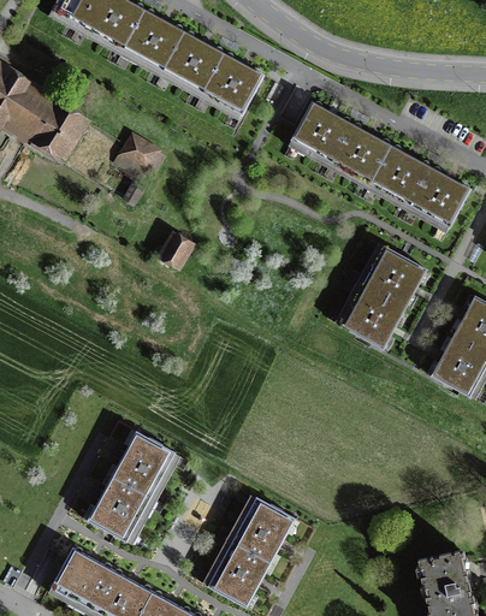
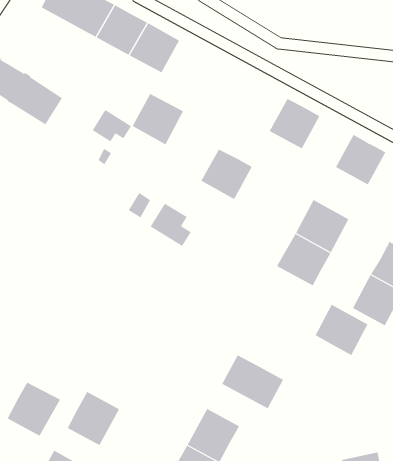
building: [202,54,265,117] -> [132,93,184,145]
building: [290,102,352,164] -> [201,149,253,200]
building: [371,146,432,207] -> none
building: none -> [150,203,191,247]
building: none -> [315,304,368,356]
building: [112,432,177,498] -> [7,382,61,437]
building: none -> [221,354,284,409]

